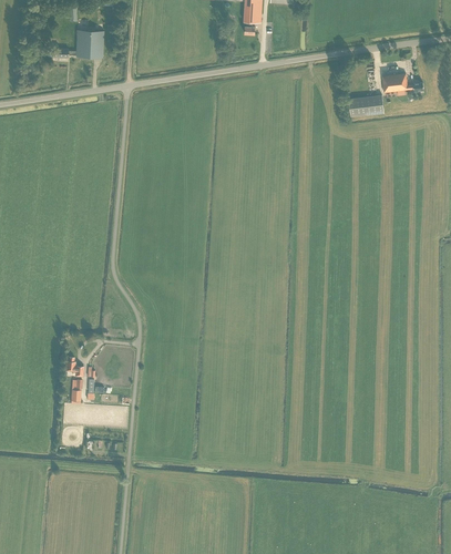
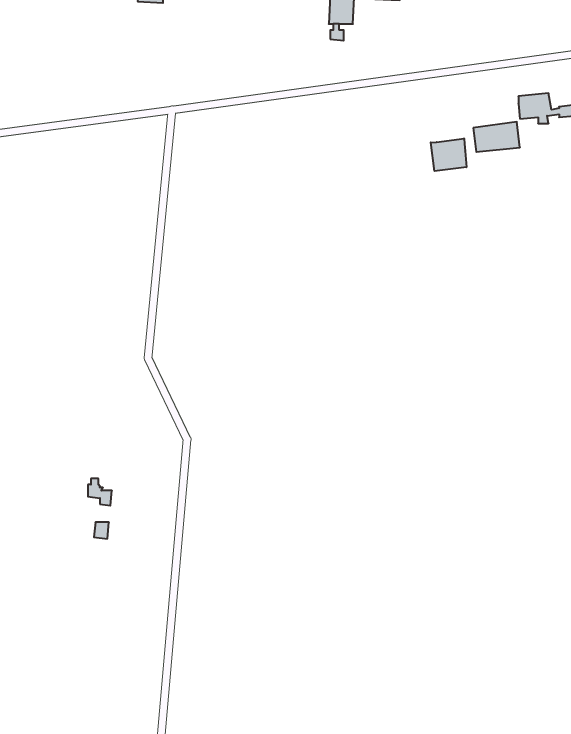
building: [52,28,103,55] -> none
building: none -> [431,138,466,171]

